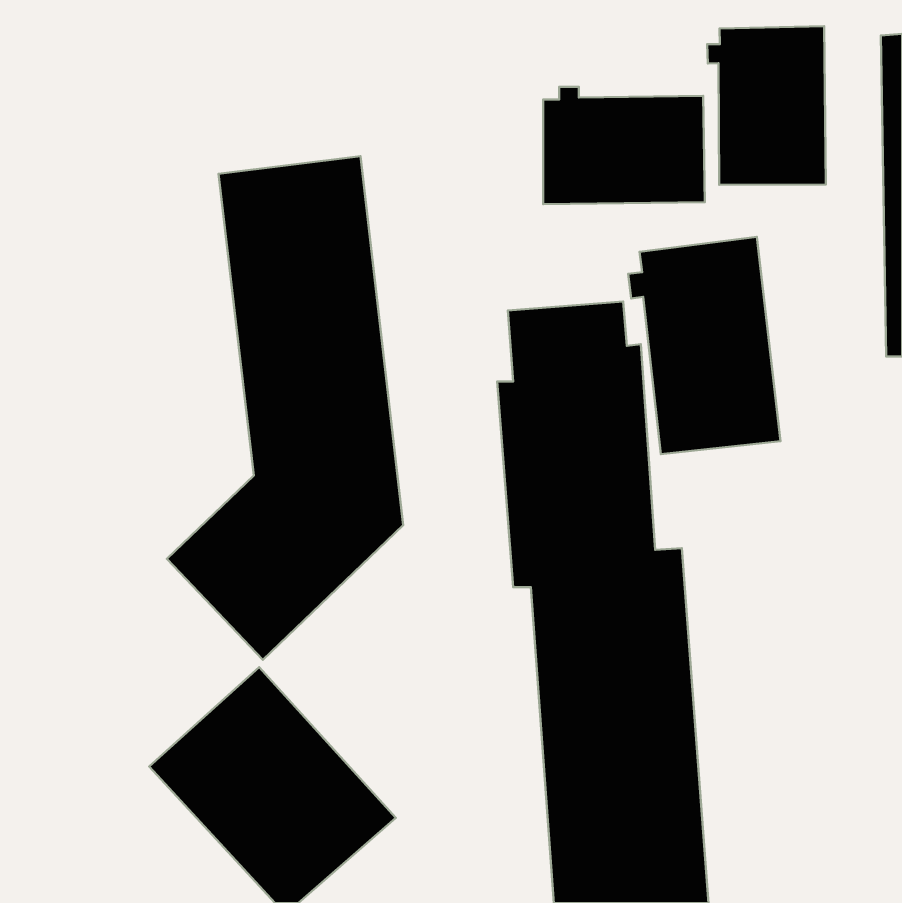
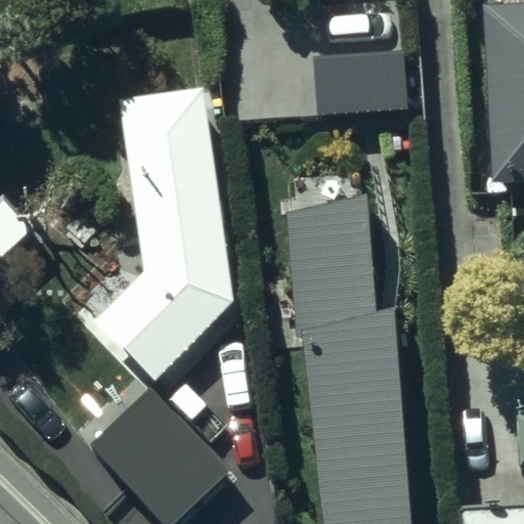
building: [707,26,826,185] -> none
building: [628,237,780,454] -> none

